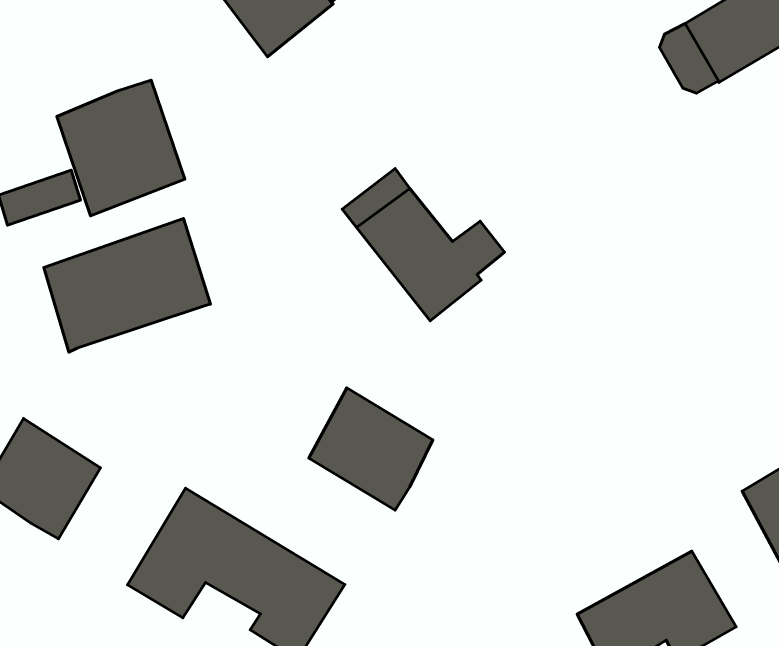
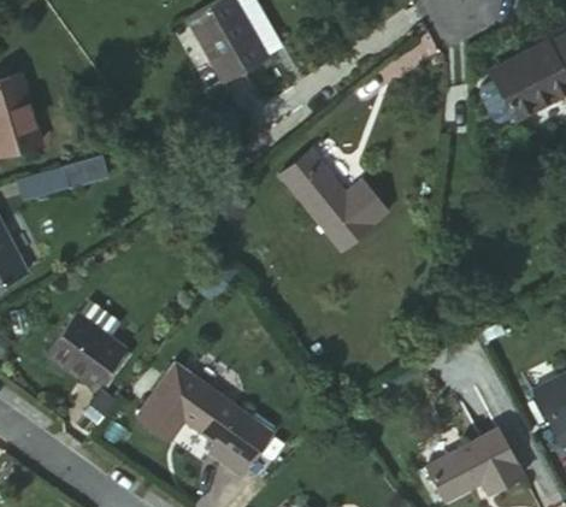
building: [57,80,185,216] -> none
building: [44,218,211,352] -> none
building: [309,388,433,510] -> none

